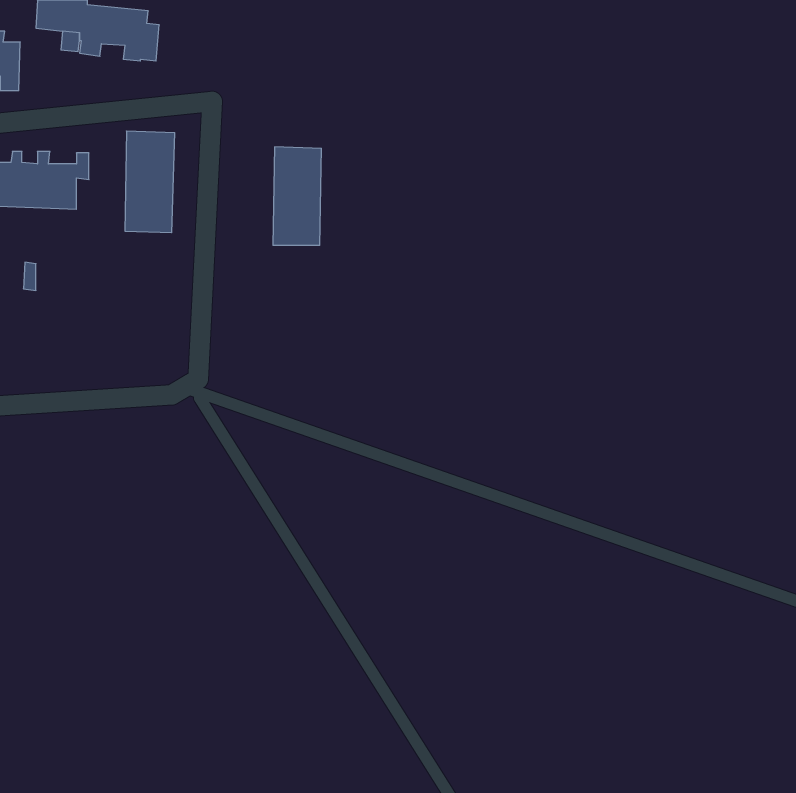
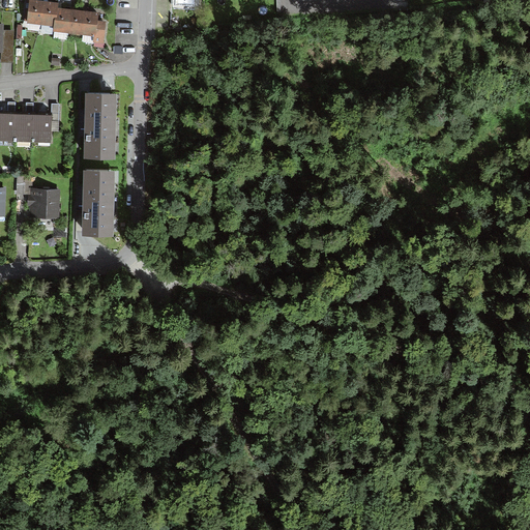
building: [273,147,321,245] -> [82,169,114,234]
building: none -> [30,189,60,218]

